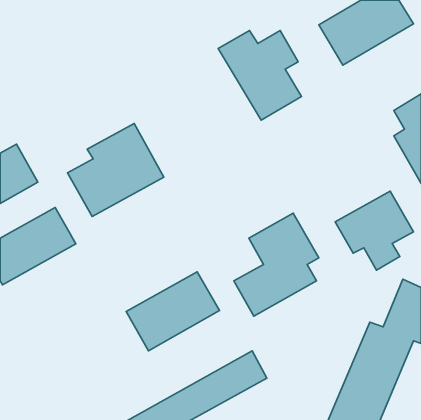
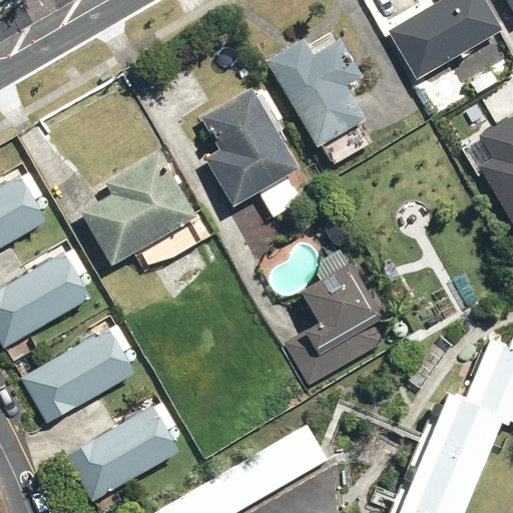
building: none -> [200,88,300,205]
building: [335,191,413,270] -> none
building: none -> [22,330,135,424]
building: [126,272,219,351] -> [64,406,177,502]

